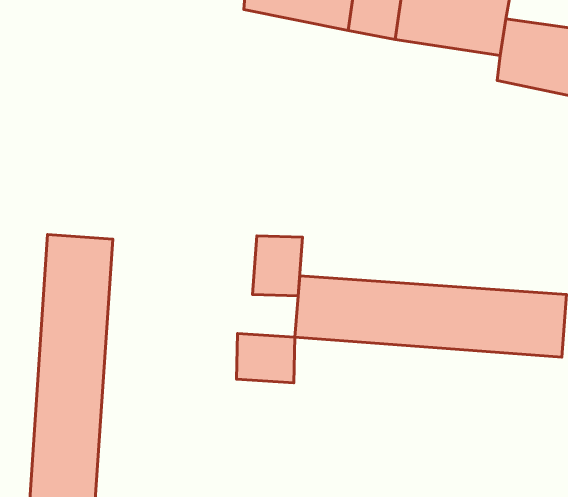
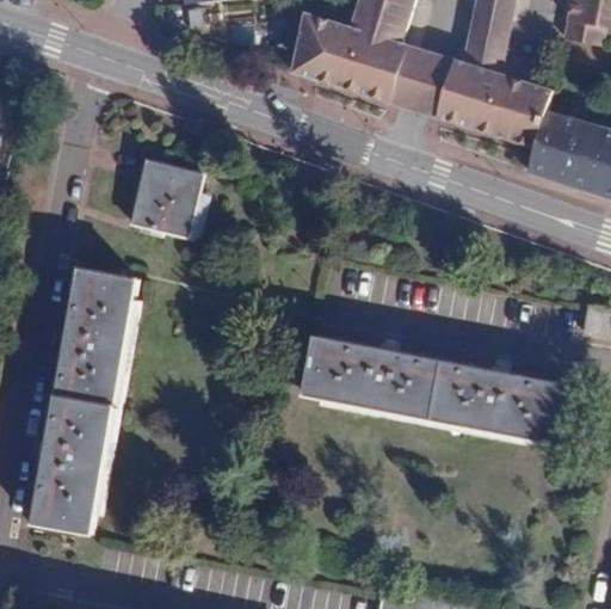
building: none -> [129,160,203,236]
building: [253,236,302,296] -> none
building: [237,333,295,383] -> none

